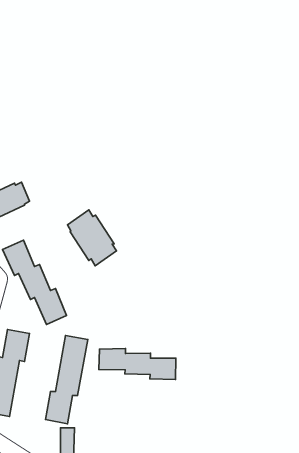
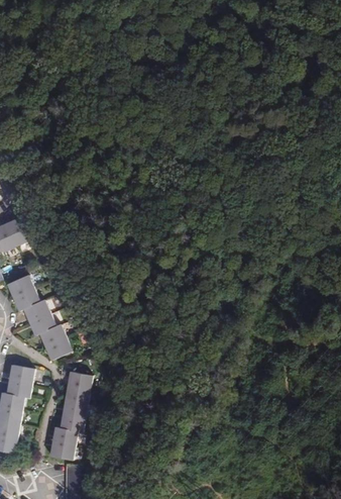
building: [68,210,116,266] -> none
building: [99,348,176,379] -> none

